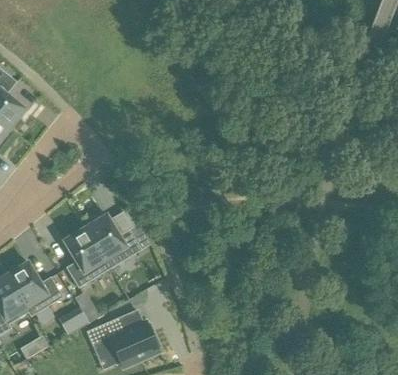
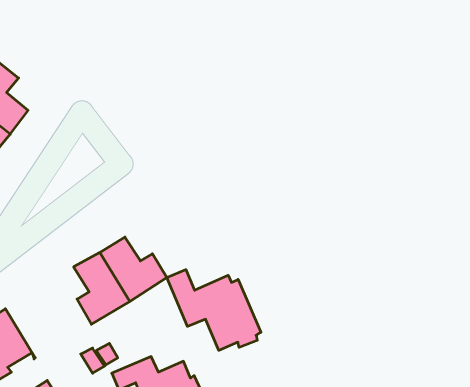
building: none -> [167,270,261,350]
building: [6,262,63,316] -> none

